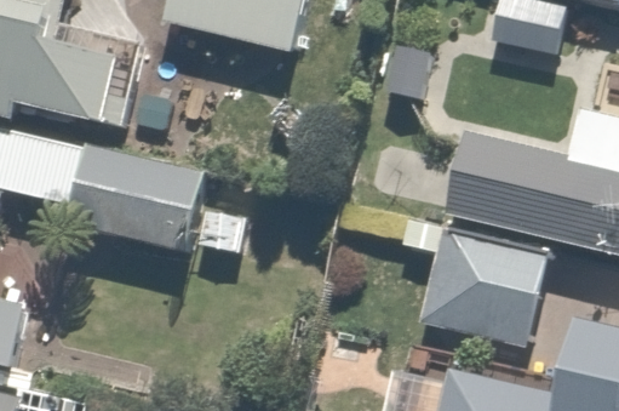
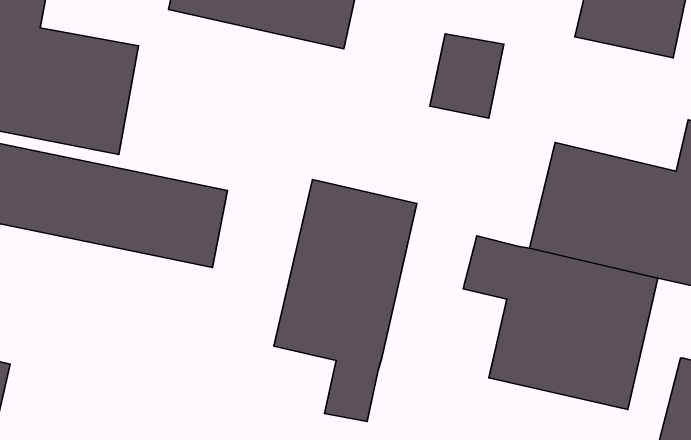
building: none -> [274,179,417,421]

